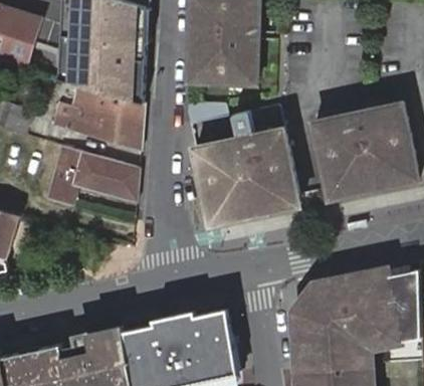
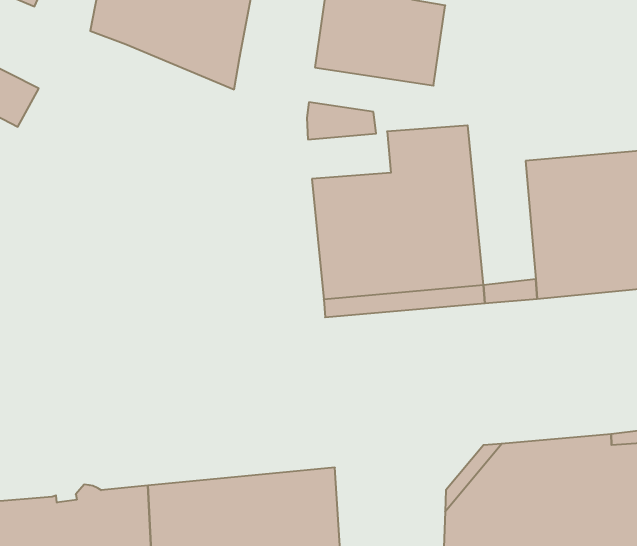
building: [51,88,145,151] -> none
building: [43,147,139,205] -> none

